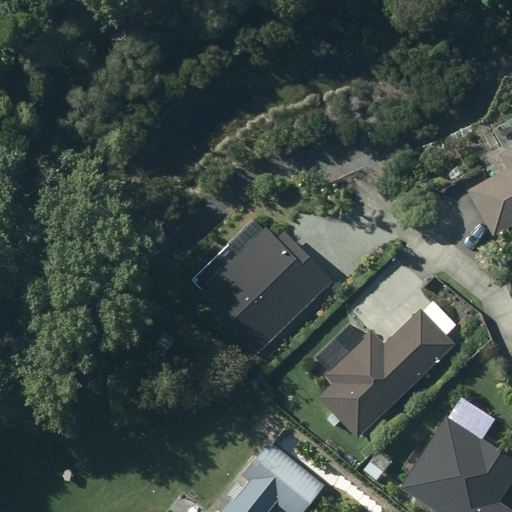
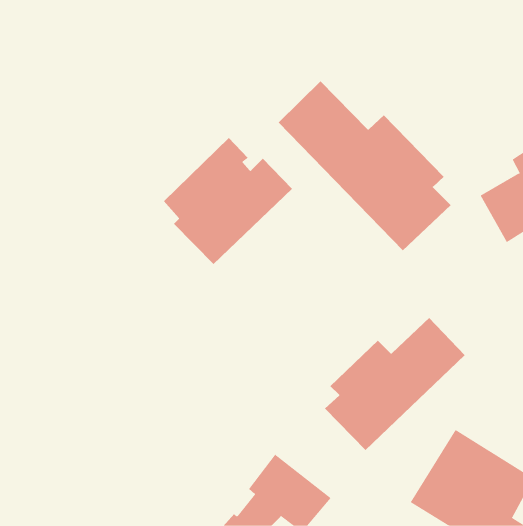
building: none -> [278,81,451,251]
building: [207,230,333,354] -> [163,137,293,265]

